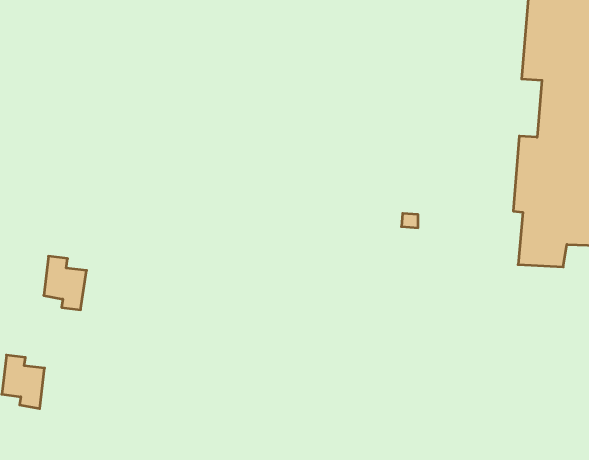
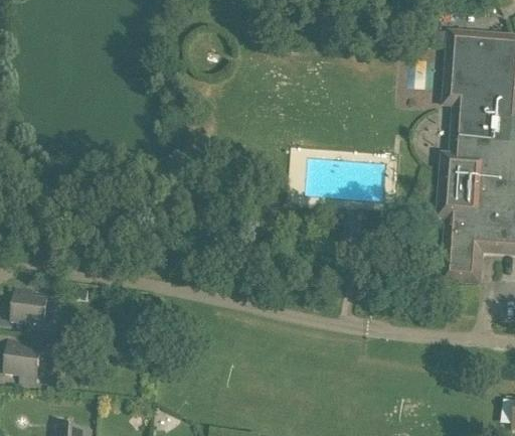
building: [44,256,87,310] -> [12,286,48,331]
building: none -> [441,265,480,286]

